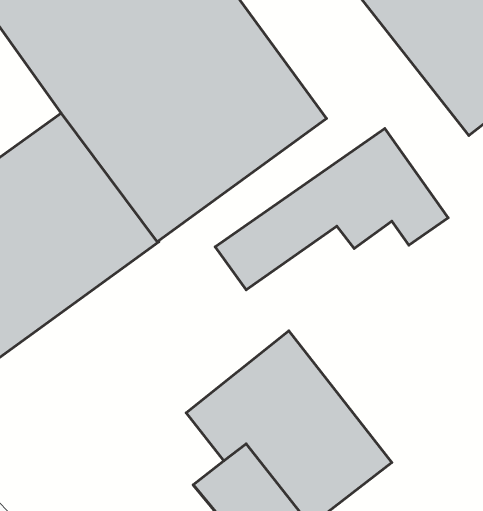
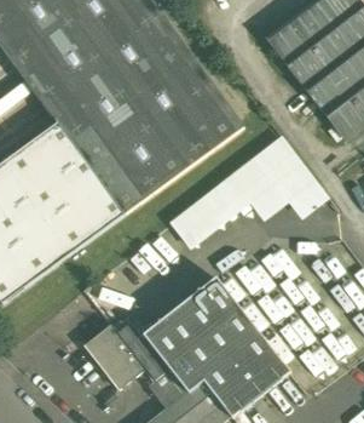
building: none -> [85,324,144,388]

